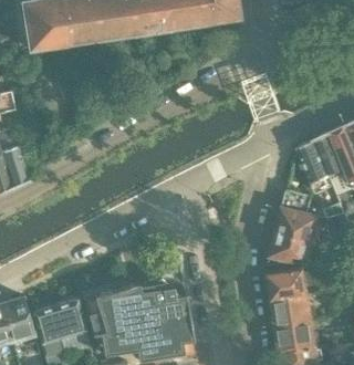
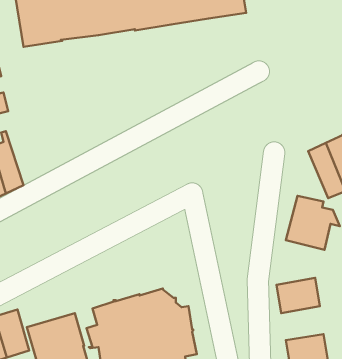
building: [269,231,313,264] -> none
building: [272,293,312,325] -> none

